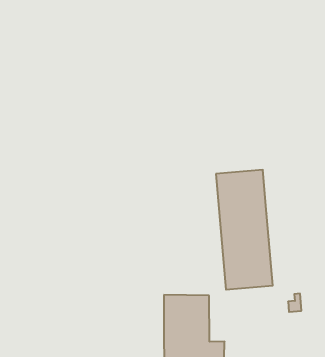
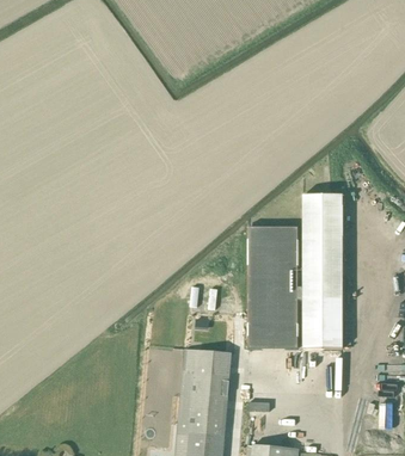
building: none -> [297,195,342,349]

